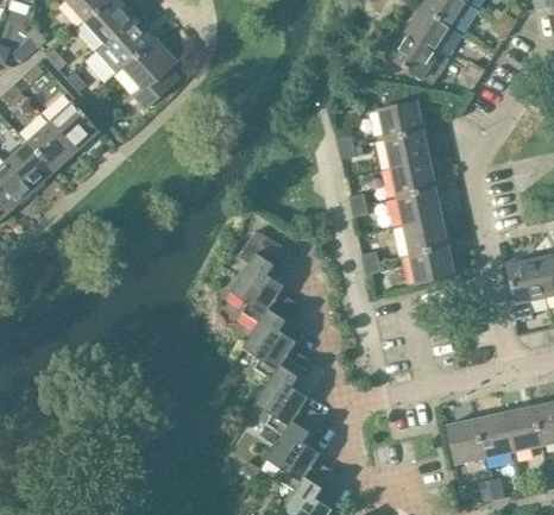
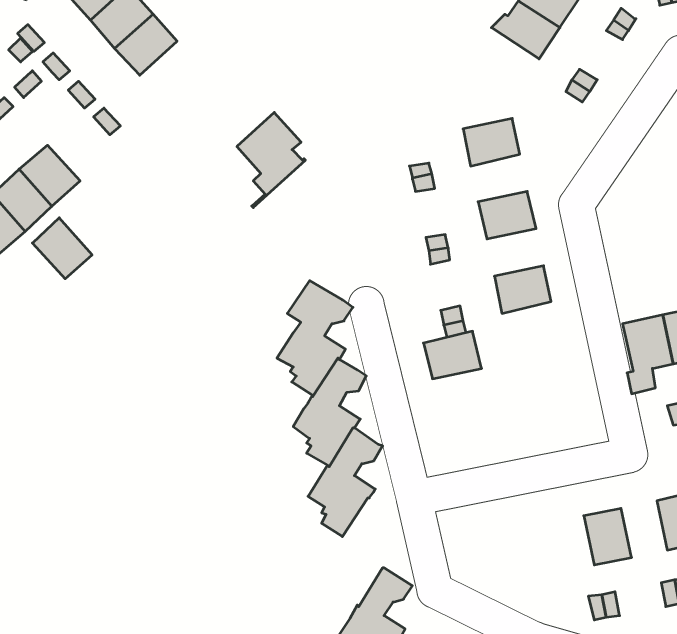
building: [389,29,448,87] -> none
building: [120,39,175,115] -> [237,112,305,208]
building: [46,102,94,151] -> [32,218,92,279]
building: [384,130,429,168] -> none
building: [397,189,442,227] -> none
building: [409,247,455,285] -> [423,331,482,379]
building: [266,404,326,491] -> none
building: [504,407,541,452] -> none
building: [446,419,483,465] -> none

